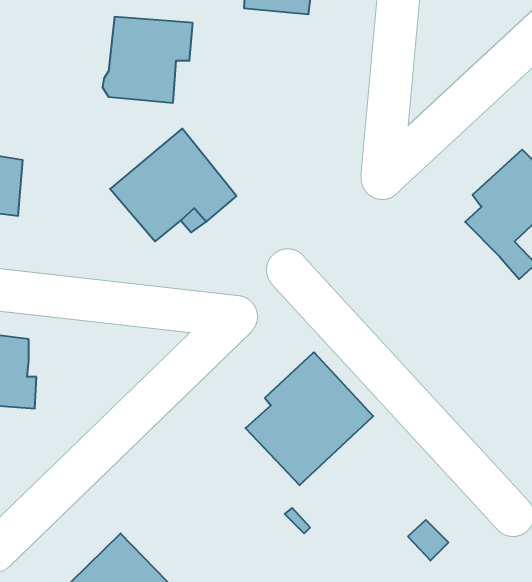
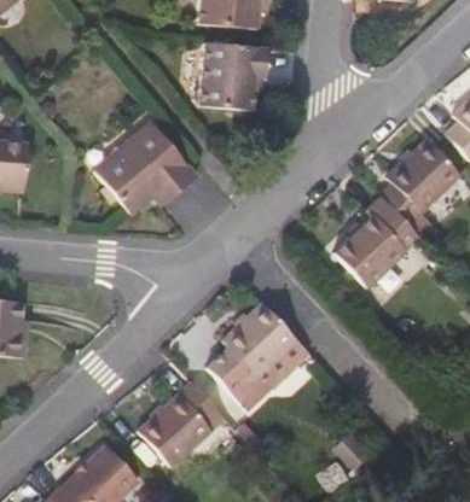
building: [102,17,193,103] -> [195,41,267,110]
building: none -> [335,195,410,286]
building: none -> [138,379,225,465]

